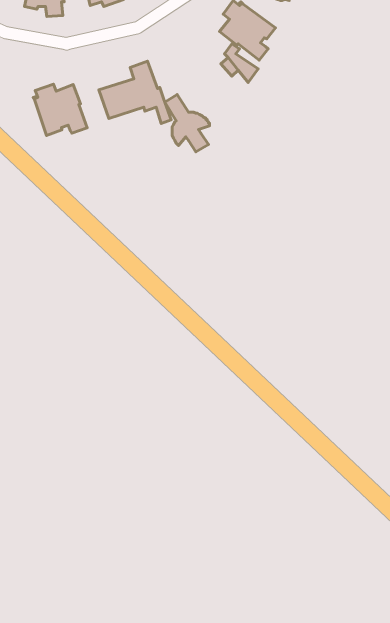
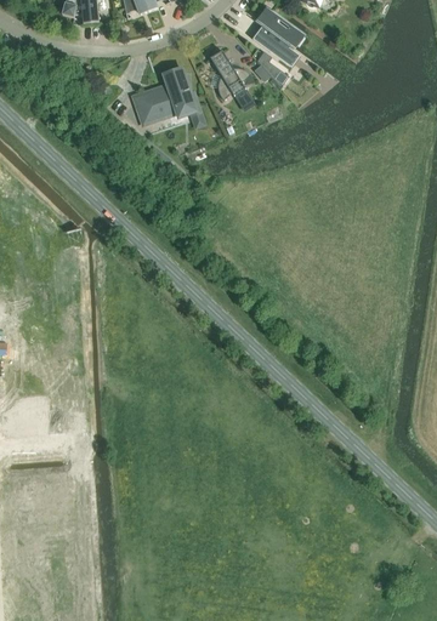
building: [33,84,87,135] -> none
building: [165,95,210,152] -> [209,50,252,106]

